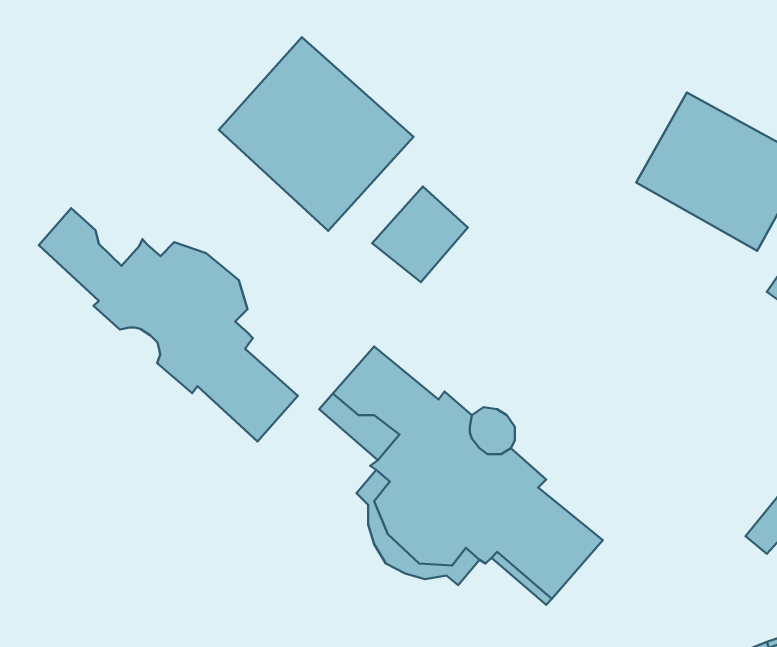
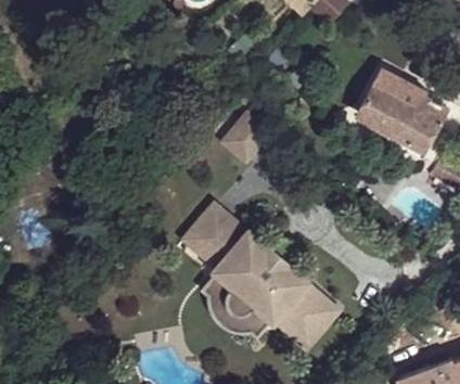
building: [219,37,413,231] -> none
building: [39,208,298,442] -> none

